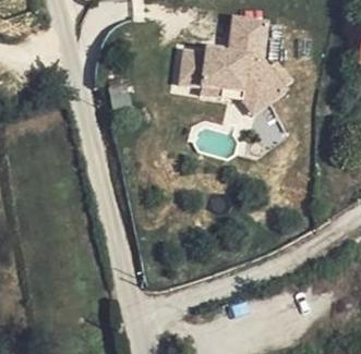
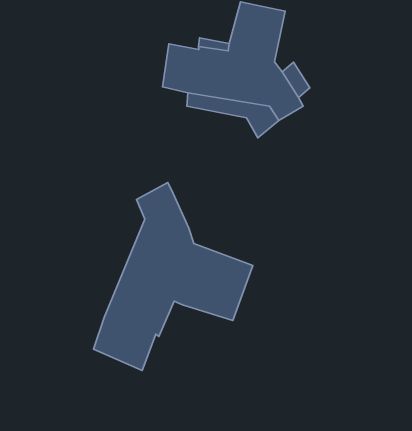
building: none -> [93,183,253,371]

